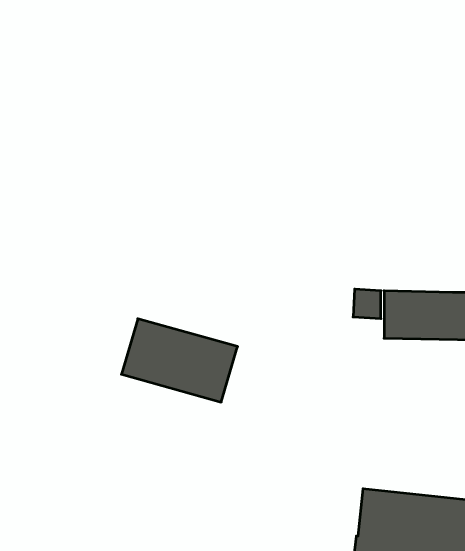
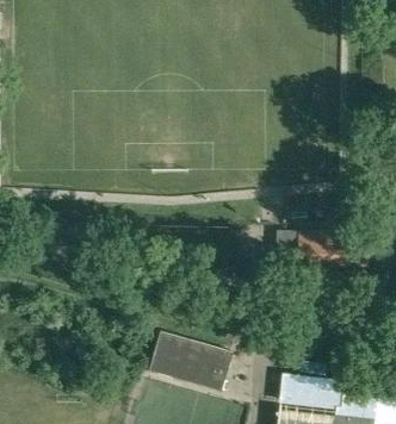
building: [121,319,238,402] -> [149,332,234,393]

